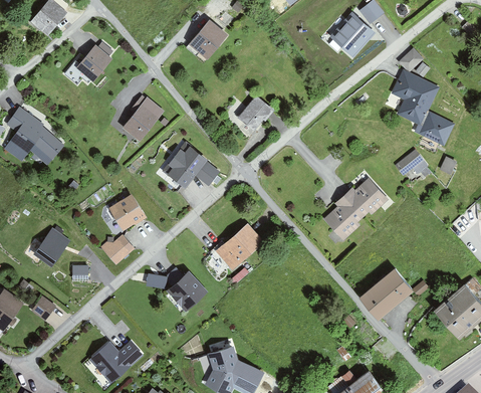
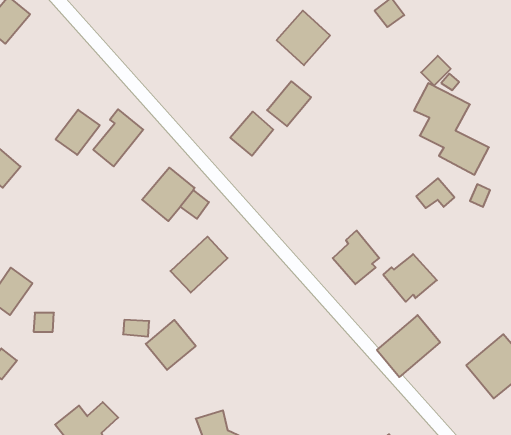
building: [329,10,375,56] -> [277,11,330,65]
building: [189,18,228,57] -> none
building: [75,43,112,81] -> [56,110,100,155]
building: none -> [267,81,311,126]
building: [343,178,389,218] -> [383,254,437,302]
building: [108,193,147,231] -> none
building: [215,222,263,269] -> [170,237,228,293]
building: [100,236,130,264] -> none

